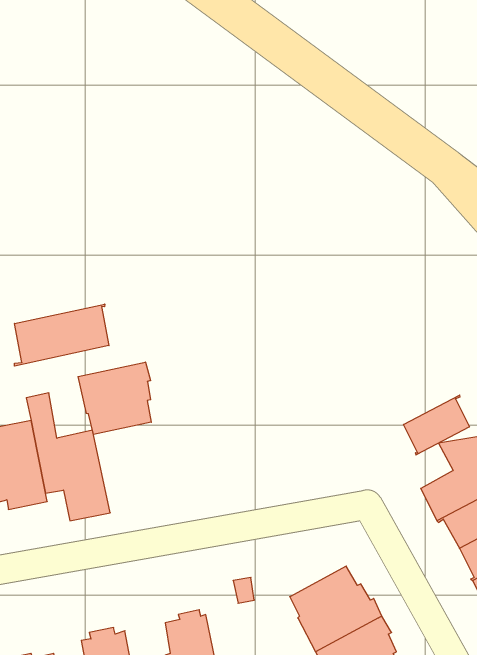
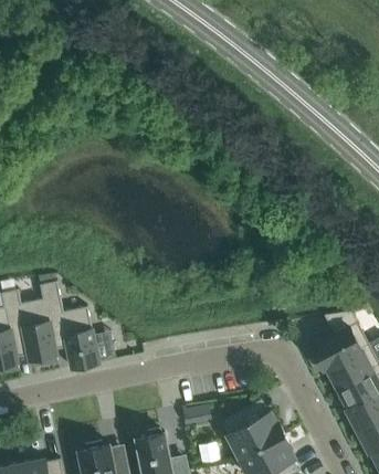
building: [14,304,109,366] -> none
building: [78,362,151,434] -> none
building: [404,395,469,455] -> none

